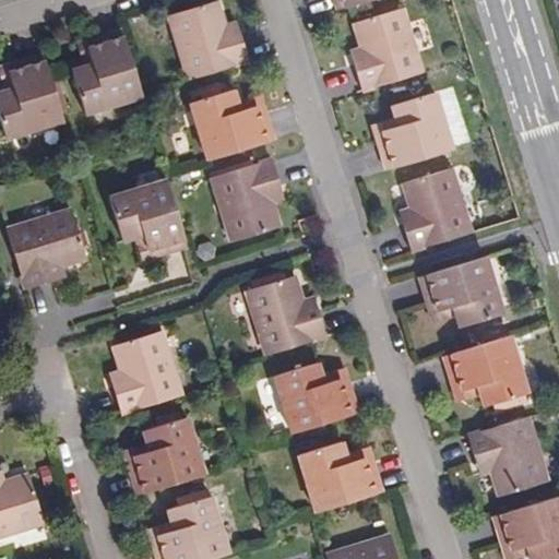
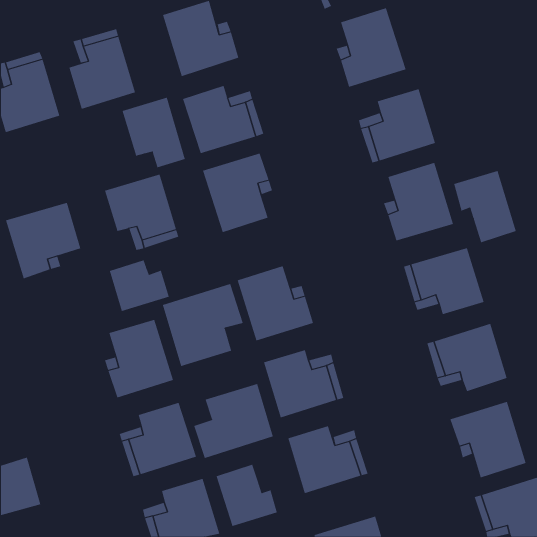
building: none -> [122,97,185,168]
building: none -> [453,170,517,243]
building: none -> [109,259,169,312]
building: none -> [162,283,243,367]
building: none -> [193,383,274,459]
building: none -> [216,464,277,527]

